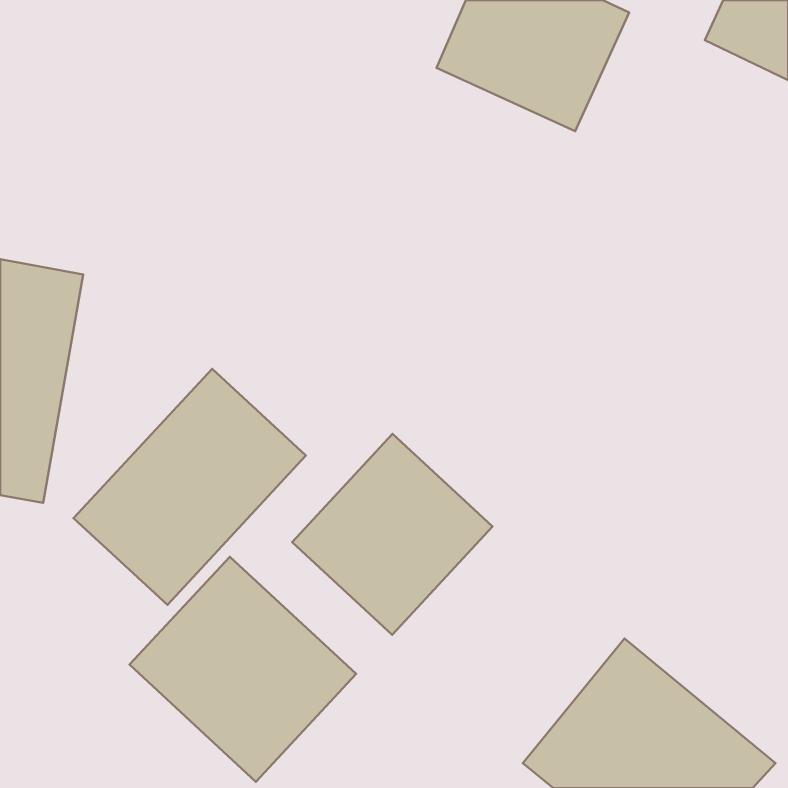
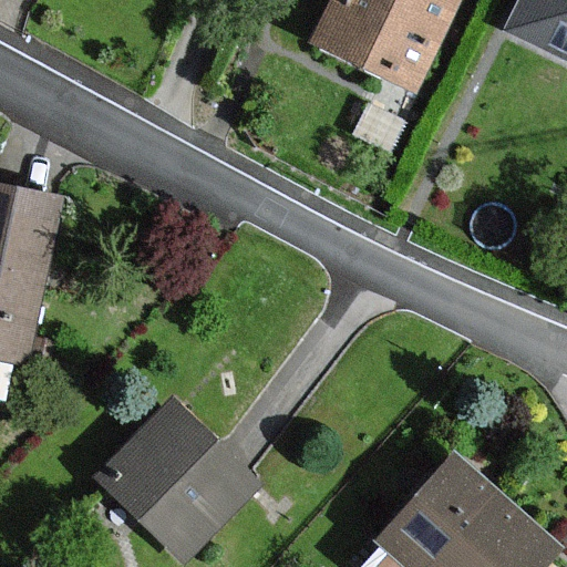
building: [74,369,306,605] -> none
building: [292,434,492,635] -> none

